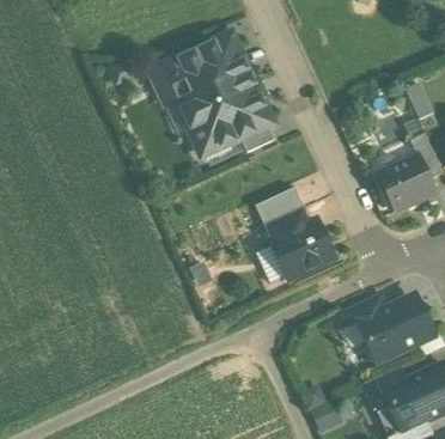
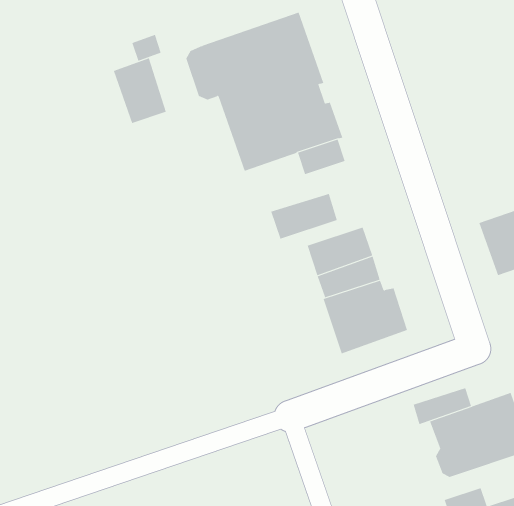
building: none -> [113,57,166,124]
building: none -> [270,193,338,240]

